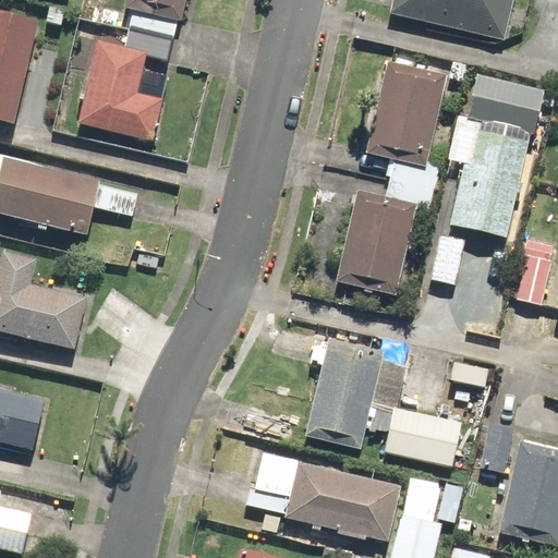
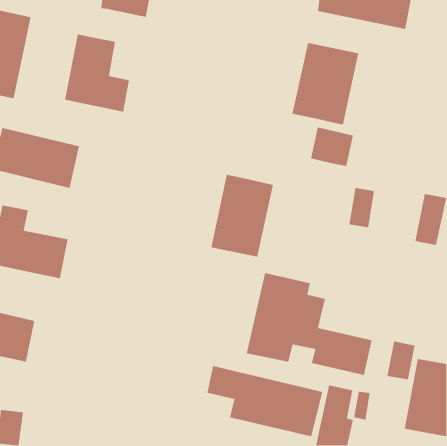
building: [125,12,175,57] -> none
building: [450,74,546,238] -> none
building: [335,196,413,300] -> [210,174,274,257]

